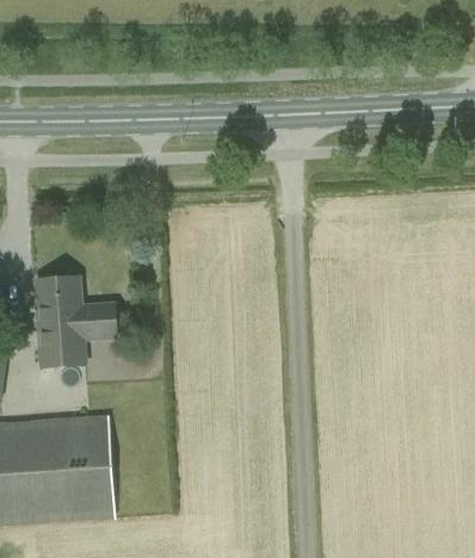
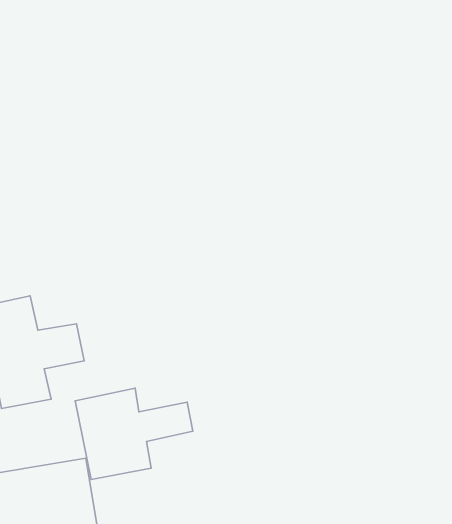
building: none -> [75,388,193,480]

